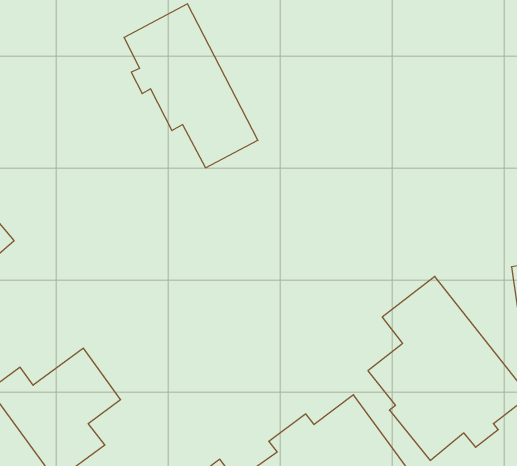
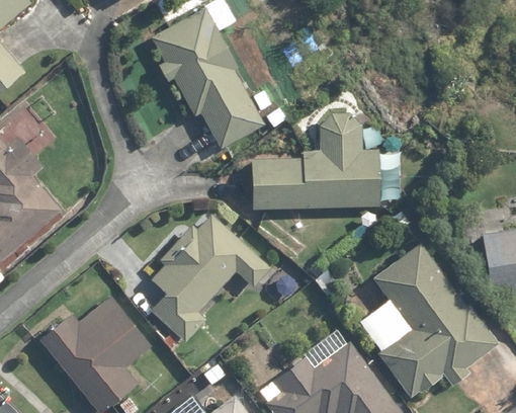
building: none -> [253,112,378,208]
building: none -> [134,212,270,344]

